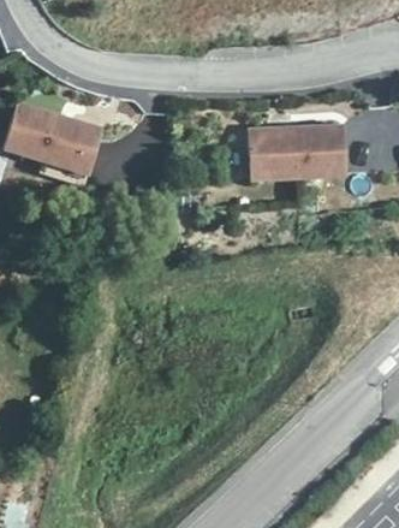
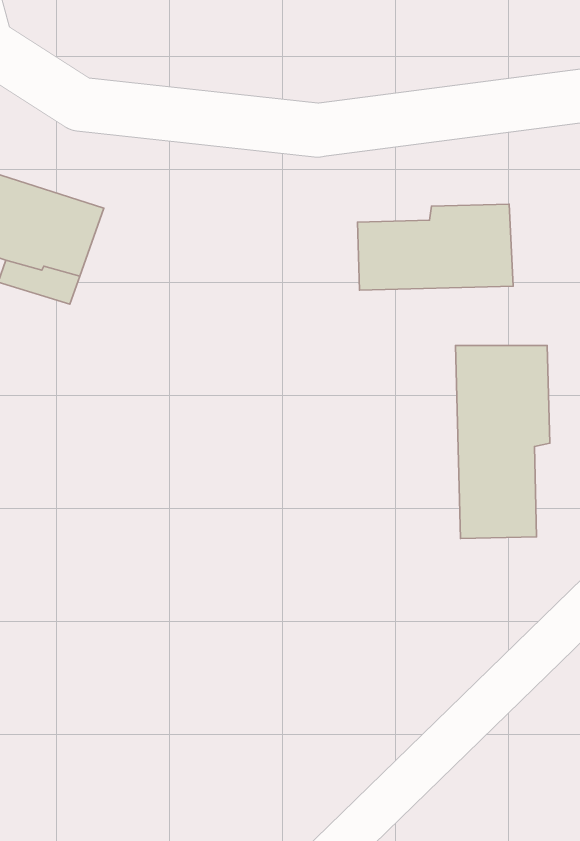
building: none -> [455,346,550,538]

